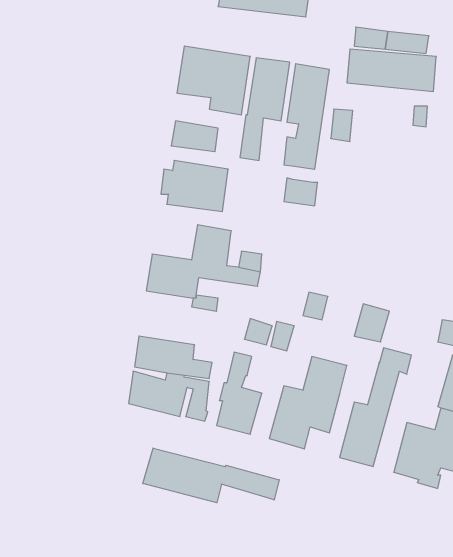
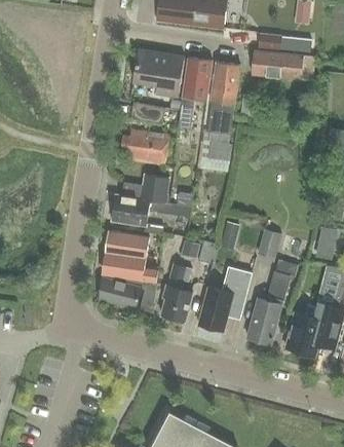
building: none -> [107,230,150,258]
building: [143,448,279,503] -> none

